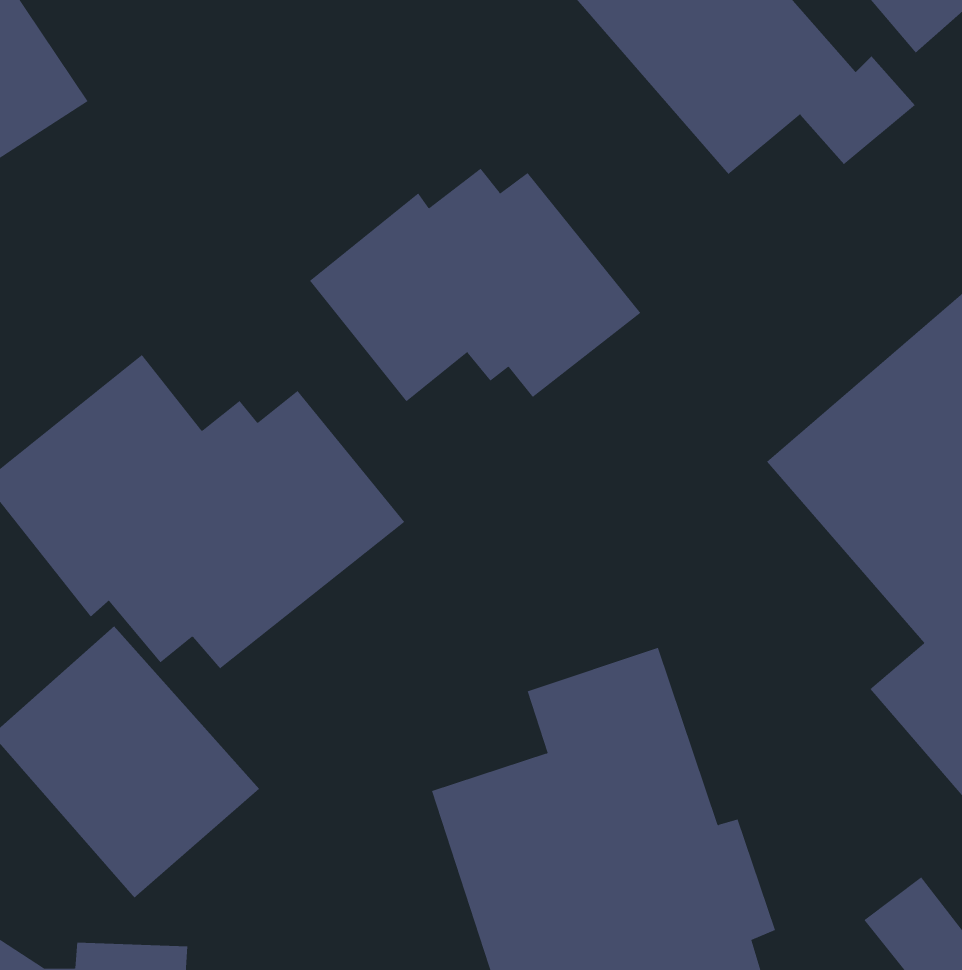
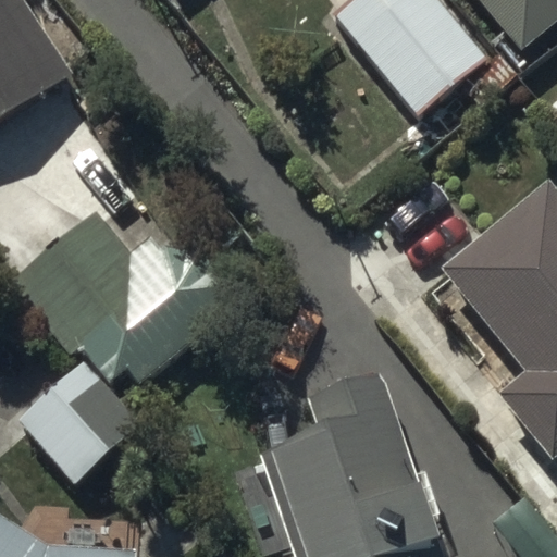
building: [309,168,641,402] -> none

